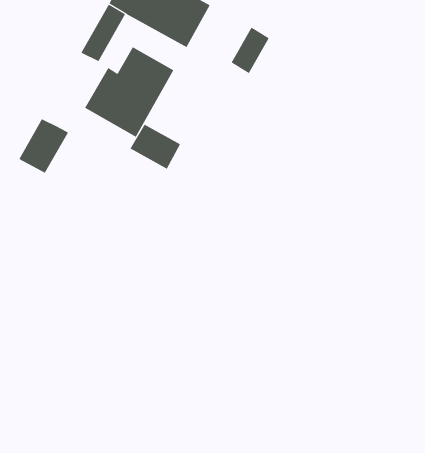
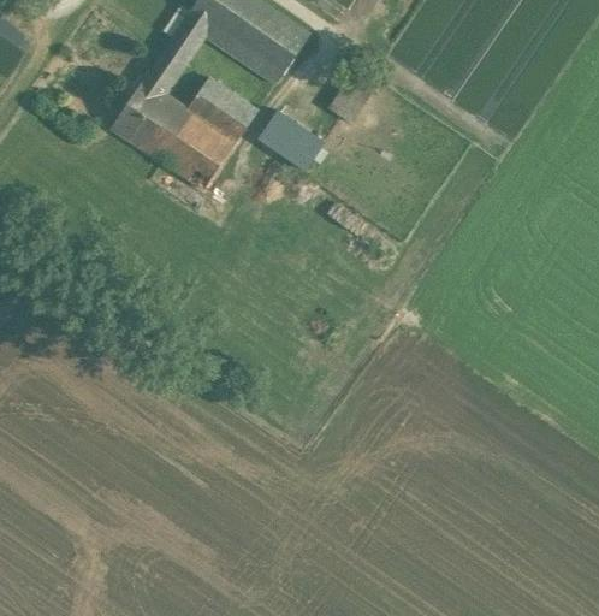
building: [19,118,69,173] -> [111,79,176,148]
building: [130,124,181,170] -> [259,111,322,170]

